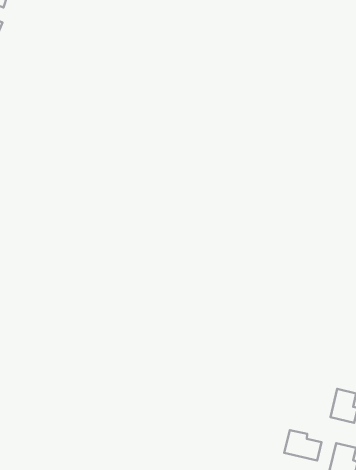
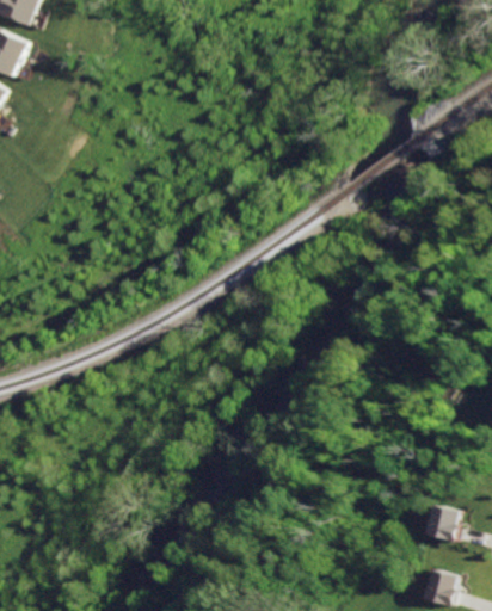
building: [284,430,322,461] -> none

